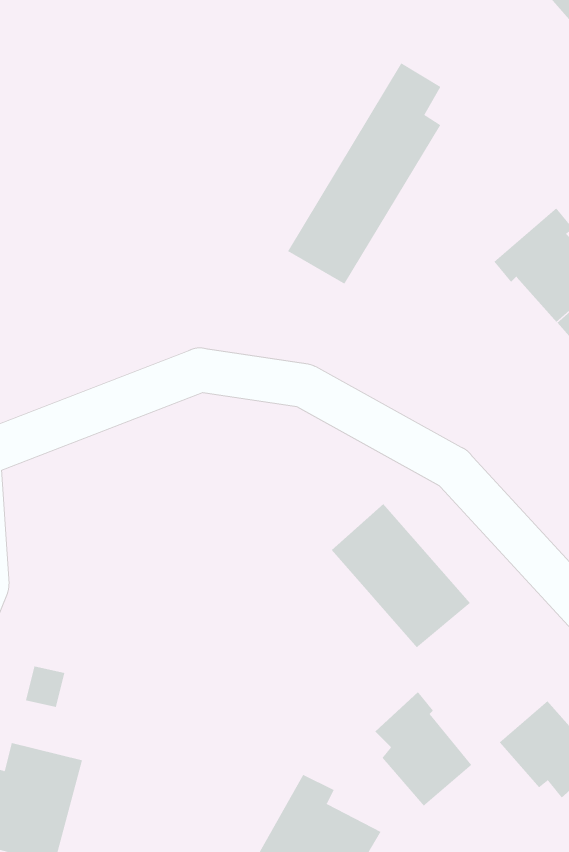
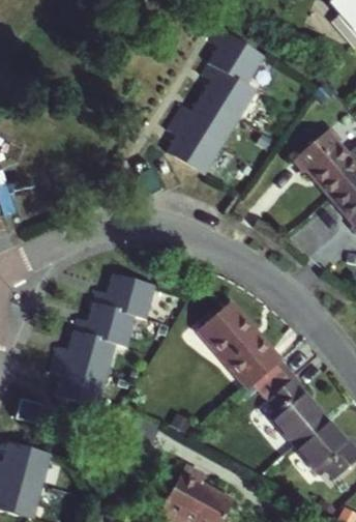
building: none -> [168,29,239,154]
building: none -> [51,277,155,406]
building: [374,691,472,807] -> [268,377,326,445]

